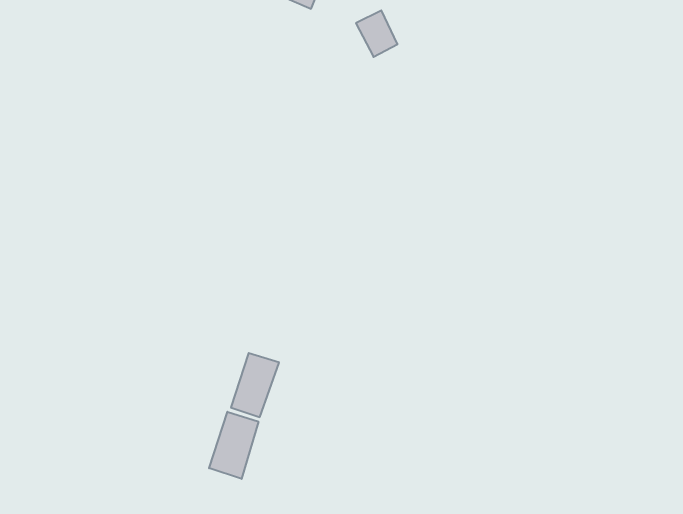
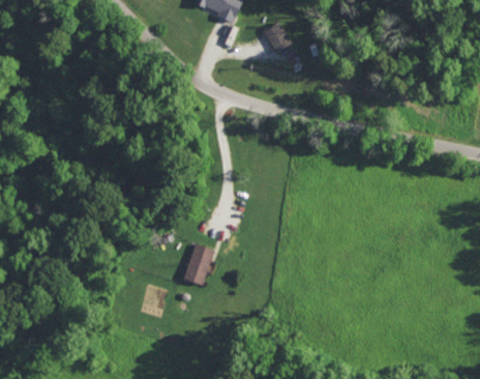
building: [209,412,258,479] -> none

